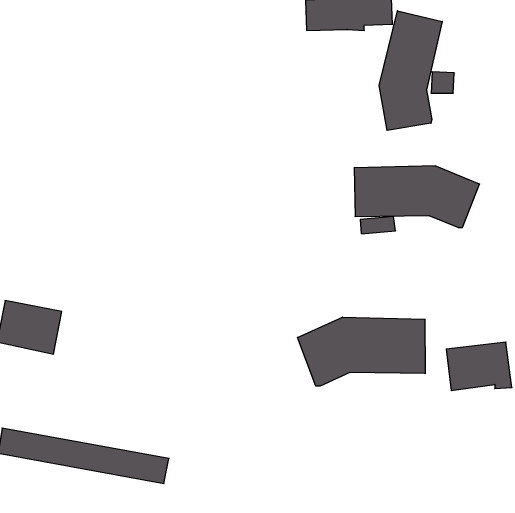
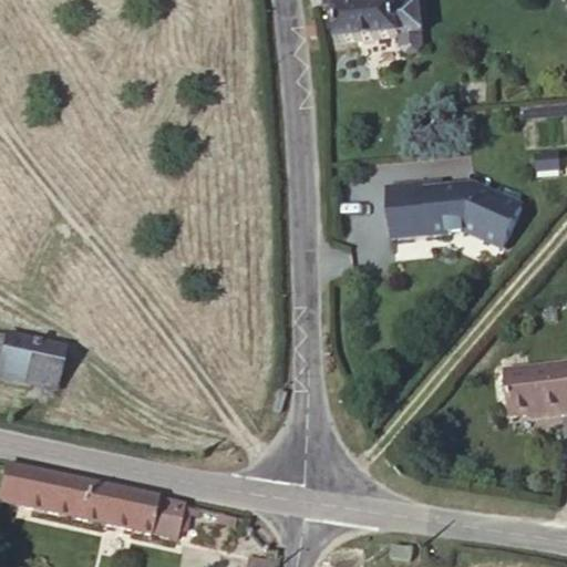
building: [379,11,442,130] -> none
building: [297,317,425,386] -> none

